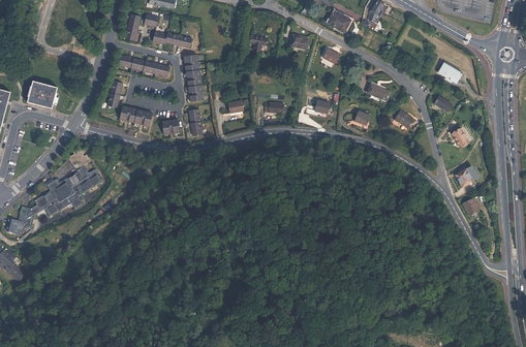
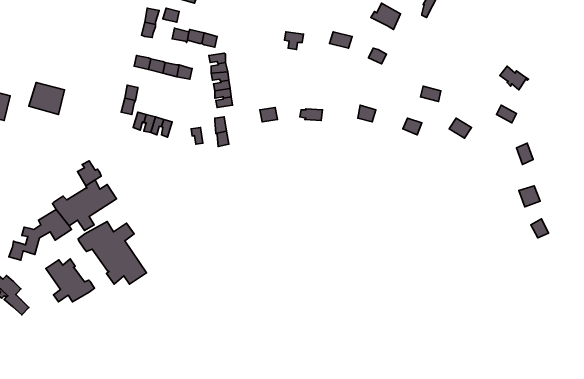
building: none -> [78,221,147,284]
building: none -> [46,259,94,302]

